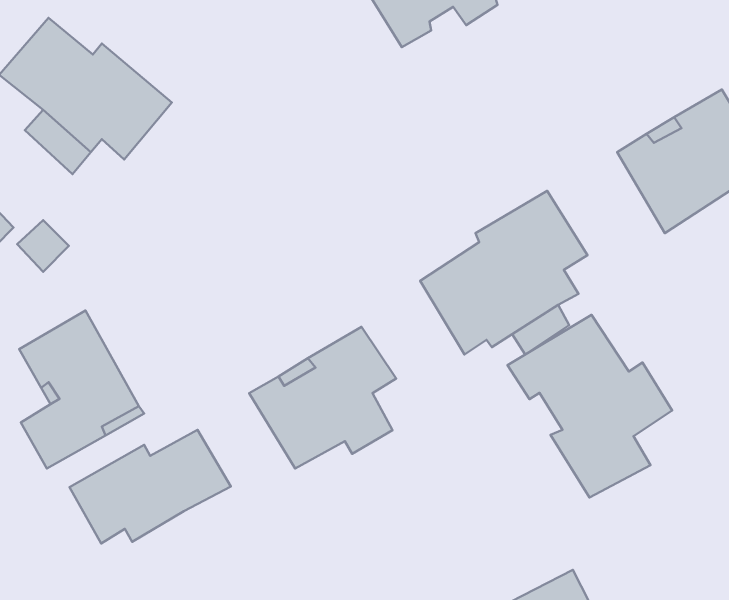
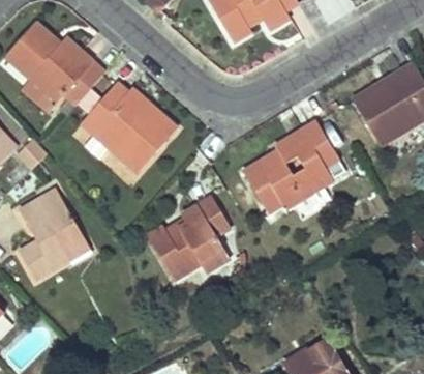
building: none -> [82,83,175,171]
building: [507,315,672,498] -> none
building: [69,430,231,544] -> none

